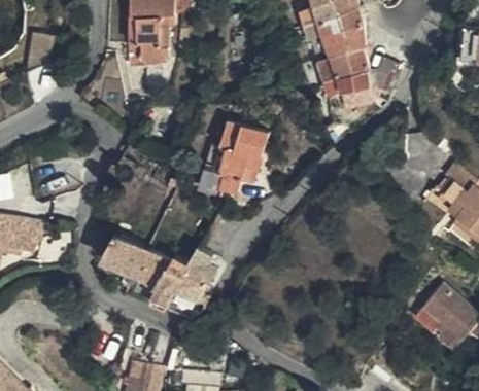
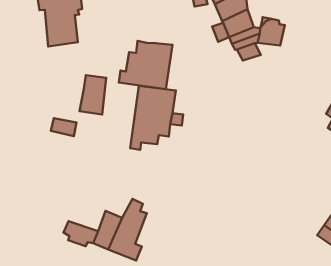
building: none -> [119,41,173,89]
building: none -> [79,75,106,114]
building: [104,229,171,282] -> none

